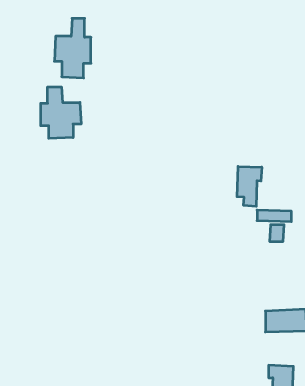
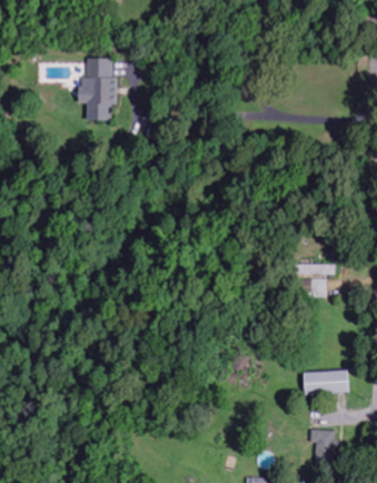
building: [41,87,81,138] -> none
building: [237,166,262,206] -> none

